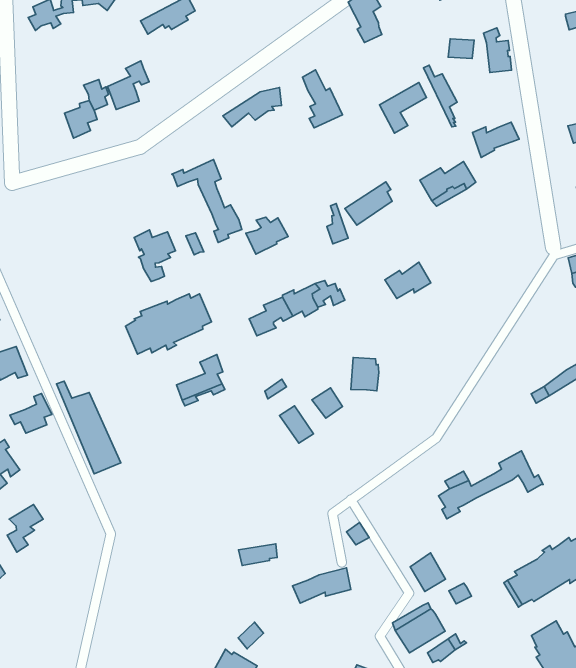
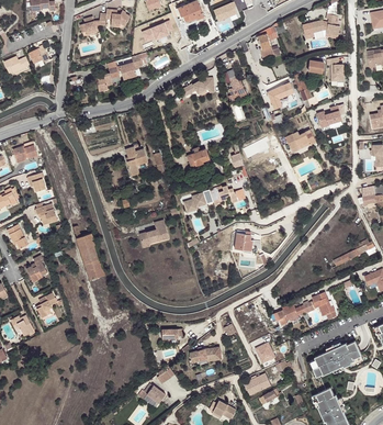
building: [172,160,242,242] -> none
building: [125,294,212,354] -> none

